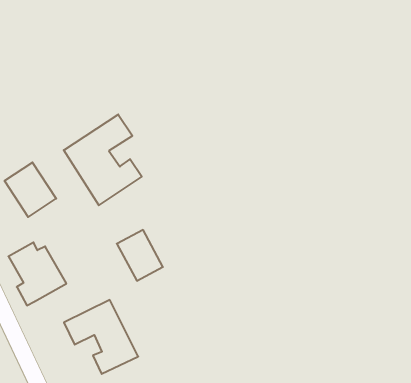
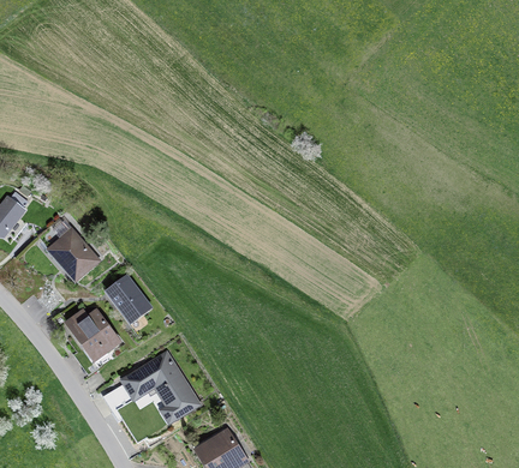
building: [64,114,142,205] -> none
building: [117,230,163,281] -> [106,274,154,324]

